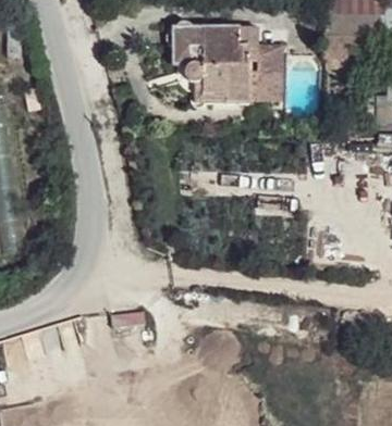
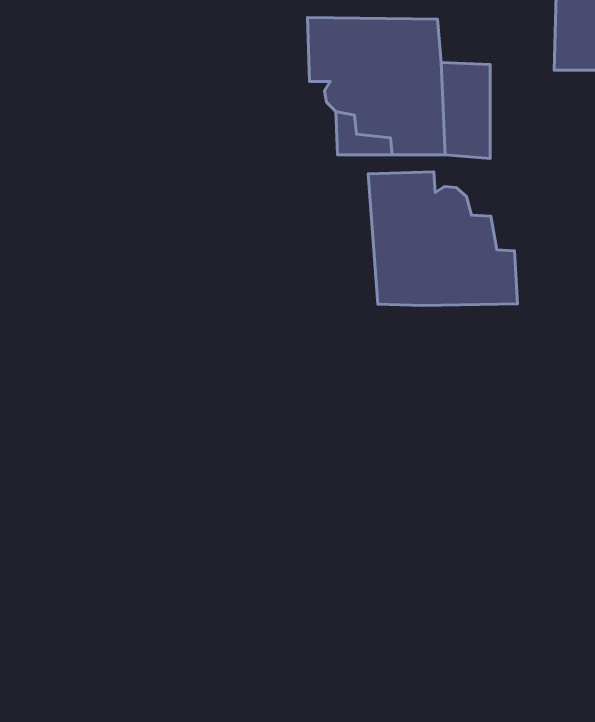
building: none -> [368,172,518,305]

